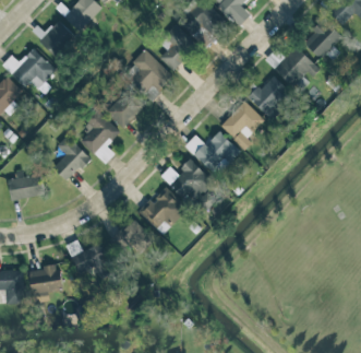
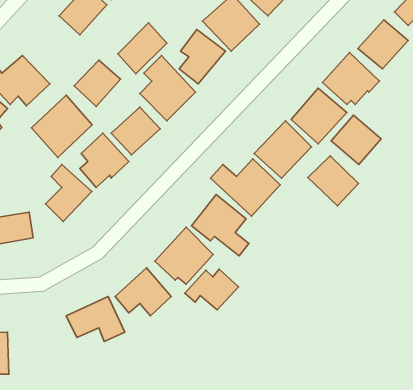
building: [38,21,75,58] -> [74,60,121,106]
building: none -> [118,23,167,74]
building: none -> [32,95,92,158]
building: none -> [331,115,381,164]
building: none -> [308,156,358,206]
building: none -> [185,269,238,310]
building: [29,266,62,302] -> none

